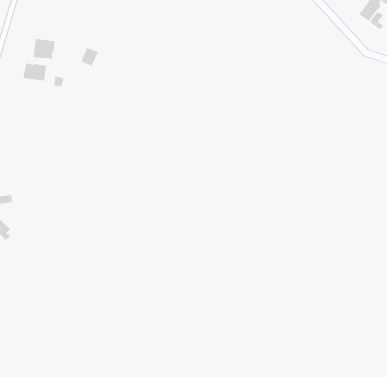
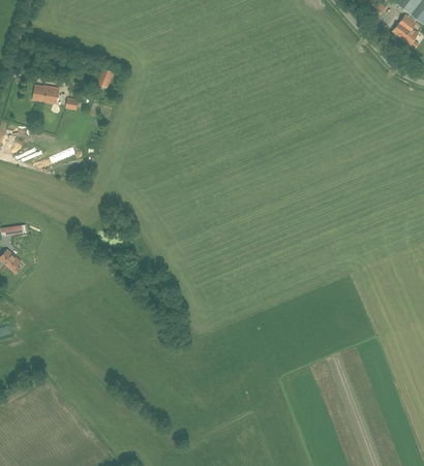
building: [33,38,55,59] -> none

